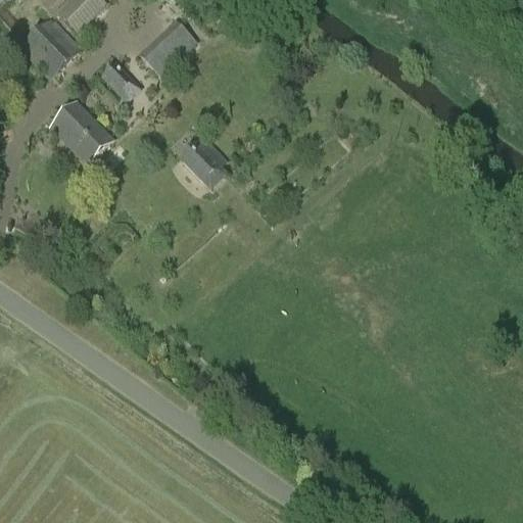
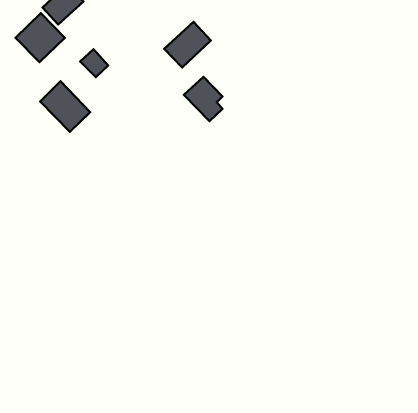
building: [138,19,196,77] -> [164,22,211,68]
building: [179,135,227,190] -> [184,77,222,121]

